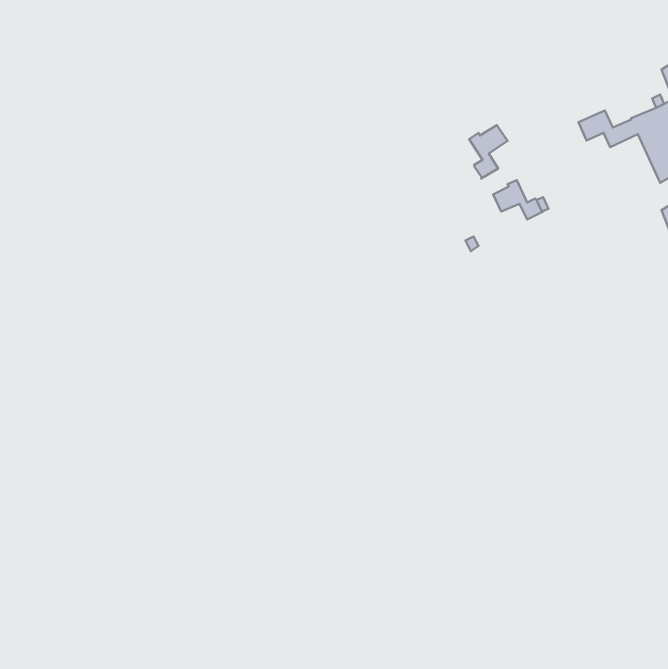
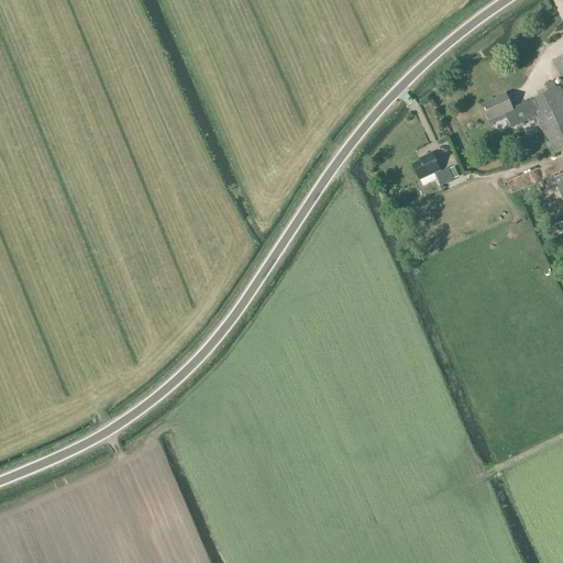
building: [469,125,507,179] -> none

